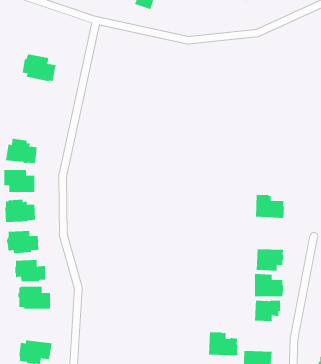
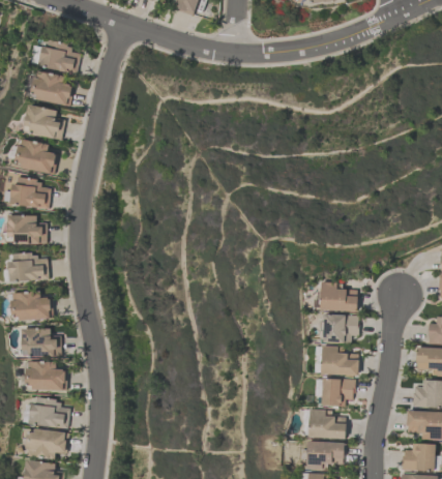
building: none -> [37,39,80,72]
building: none -> [24,104,64,140]
building: none -> [14,139,58,173]
building: [255,195,285,219] -> [320,282,357,312]
building: none -> [29,397,69,428]
building: [208,332,238,356] -> [307,409,345,439]

